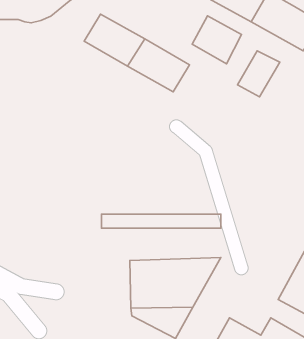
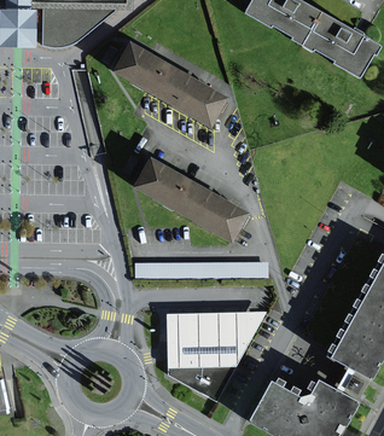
building: [192,16,242,64] -> none
building: [237,51,280,97] -> none
building: none -> [135,159,244,239]

